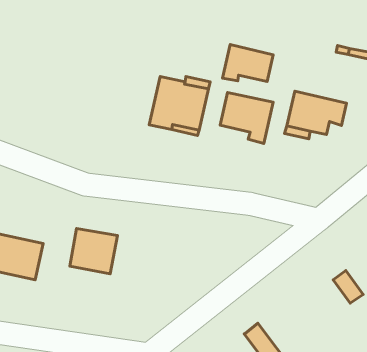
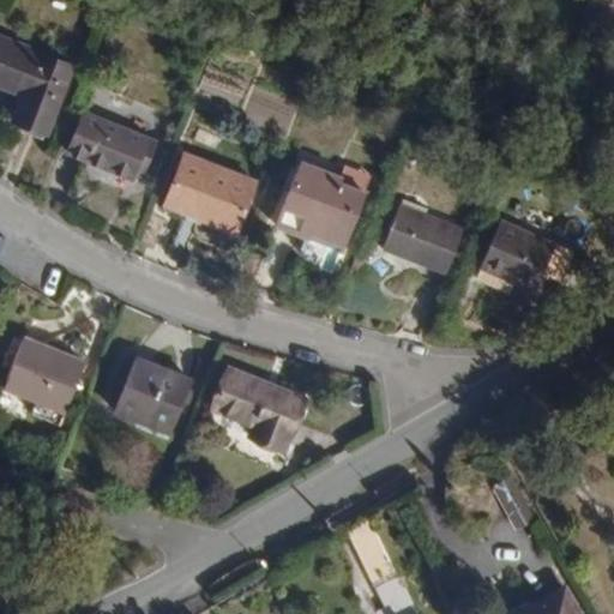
building: [223,45,273,81] -> none
building: none -> [76,112,161,176]
building: none -> [159,148,257,240]
building: none -> [217,380,308,462]

